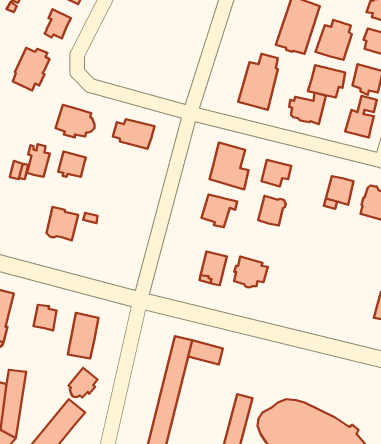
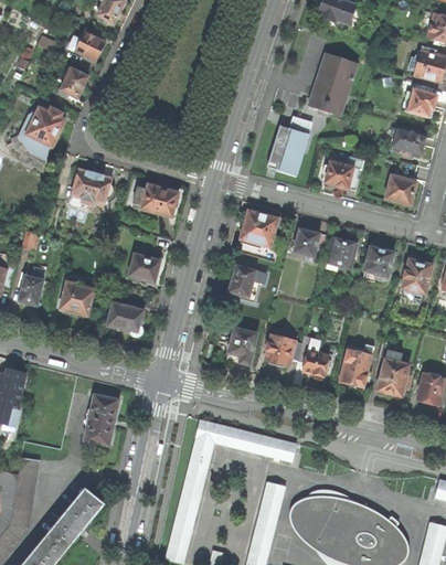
building: [315,20,352,60] -> none
building: [308,65,345,97] -> none
building: [27,144,50,177] -> [18,269,42,305]
building: [58,151,86,177] -> [130,253,160,280]
building: [258,196,286,225] -> [327,236,357,268]
building: none -> [108,301,145,335]
building: none -> [296,334,330,376]
building: none -> [376,340,407,396]
building: none -> [339,348,370,386]
building: [34,305,56,330] -> none
building: none -> [247,433,296,461]
building: [68,368,98,398] -> none

